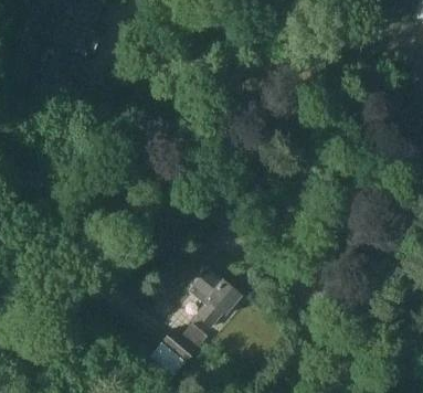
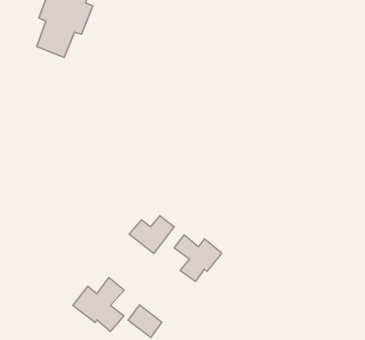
building: [161,320,210,361] -> [129,216,174,253]
building: none -> [73,278,124,331]

